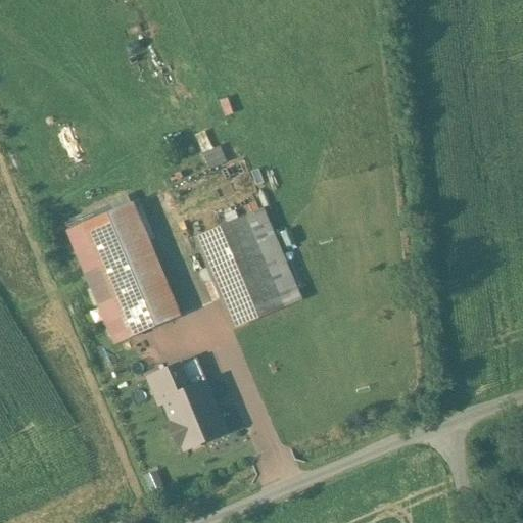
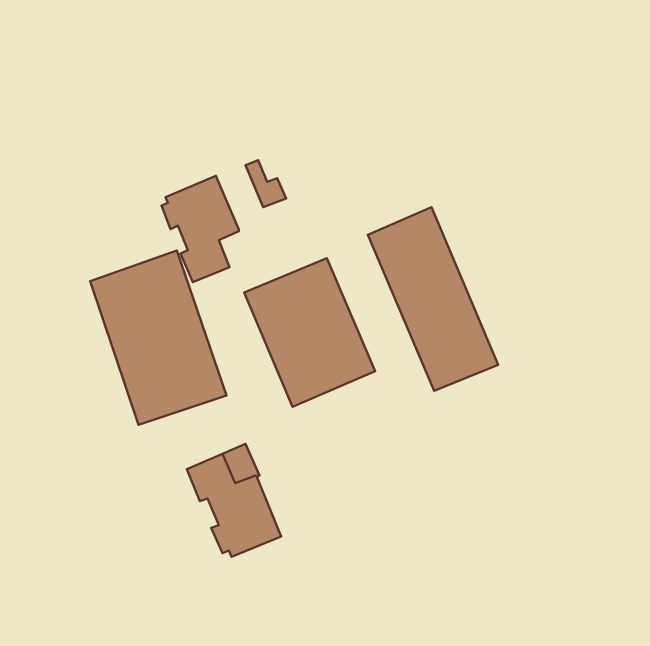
building: none -> [162,176,239,282]
building: none -> [368,207,498,391]

